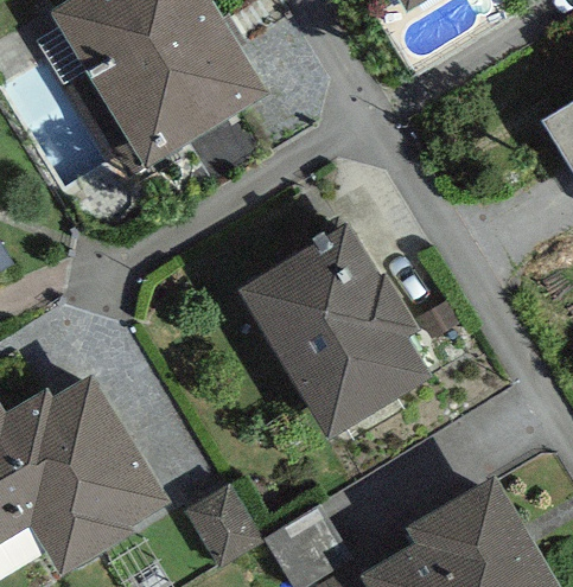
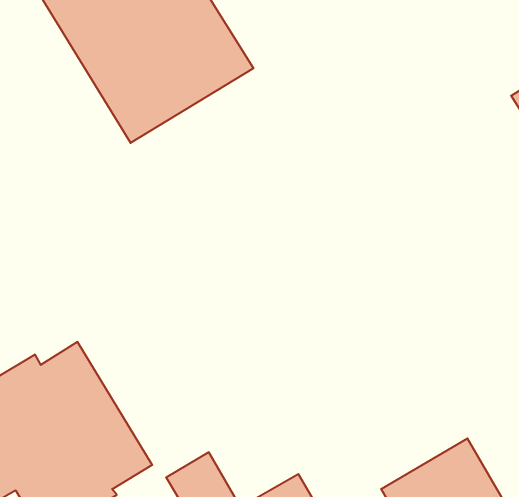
building: [237,222,428,435] -> none

